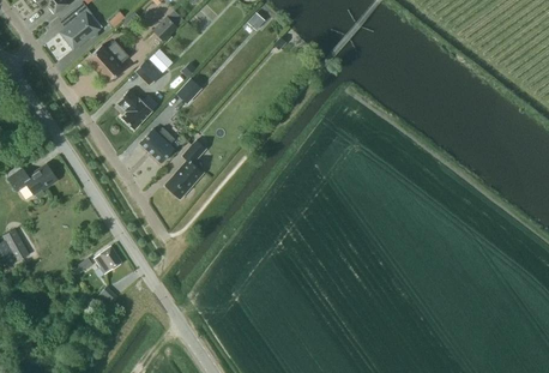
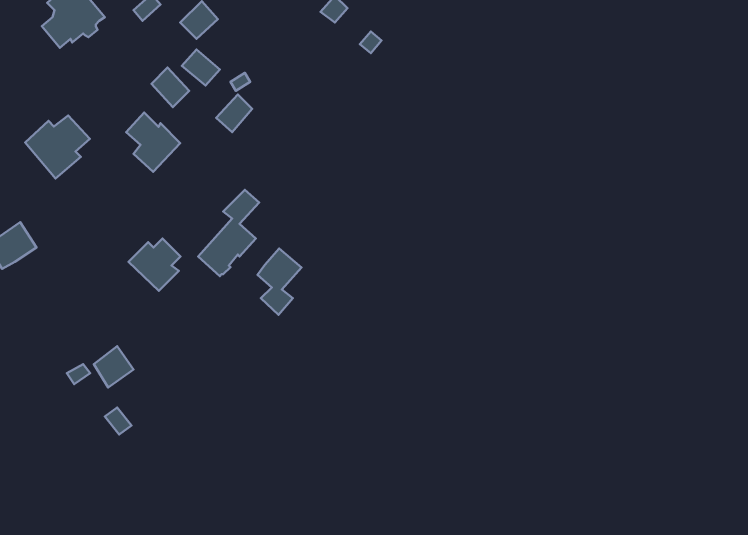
building: [85,40,128,82] -> [25,116,90,178]
building: [139,126,174,161] -> [128,239,180,291]
building: none -> [257,248,302,315]

